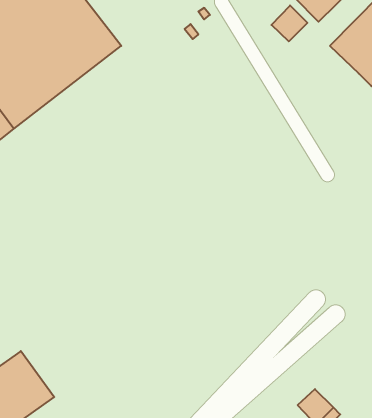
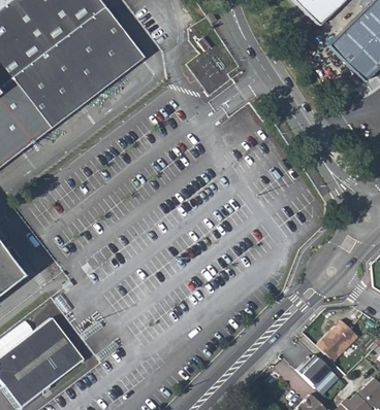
building: [271,5,307,41] -> none
building: none -> [317,319,358,362]

